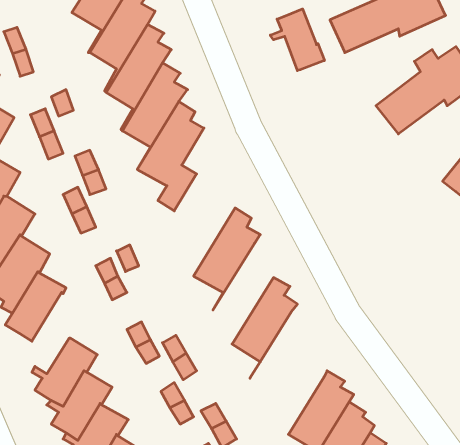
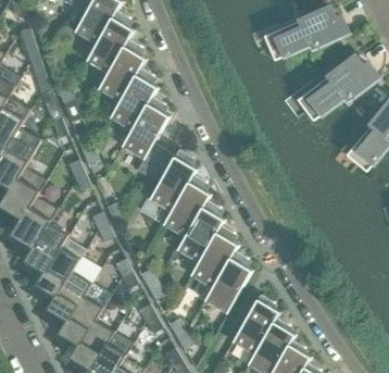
building: [270,9,324,71] -> none
building: none -> [149,149,198,224]
building: none -> [177,200,225,274]
building: none -> [34,236,86,296]
building: none -> [204,250,253,313]

